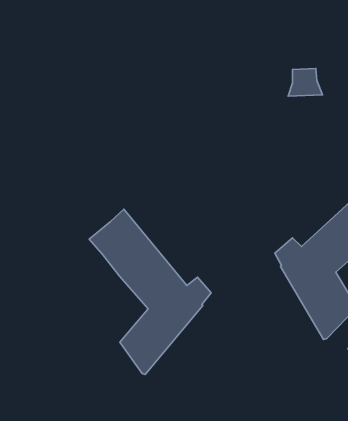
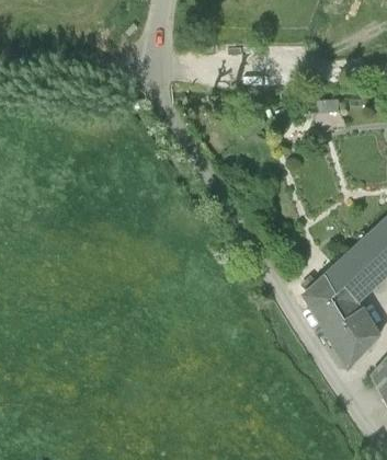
building: [89,209,211,375] -> none

